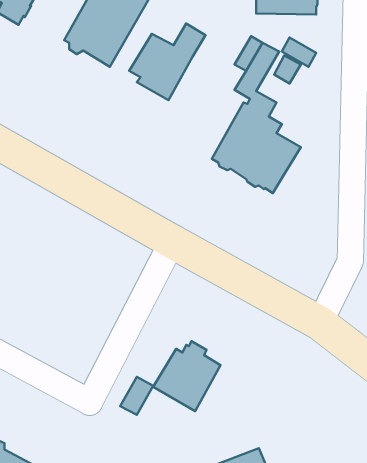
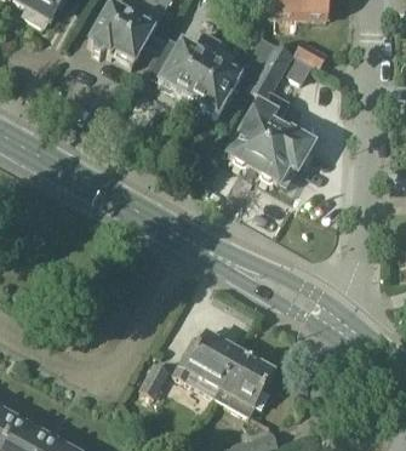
building: none -> [187,35,245,115]
building: none -> [212,349,274,405]

